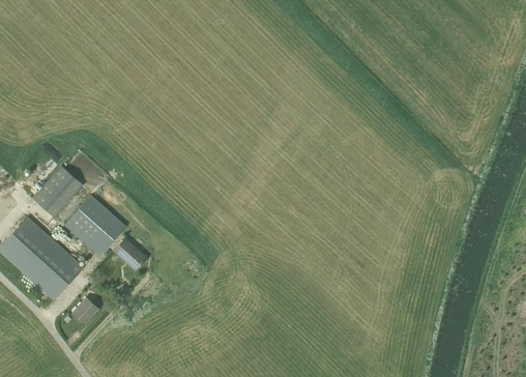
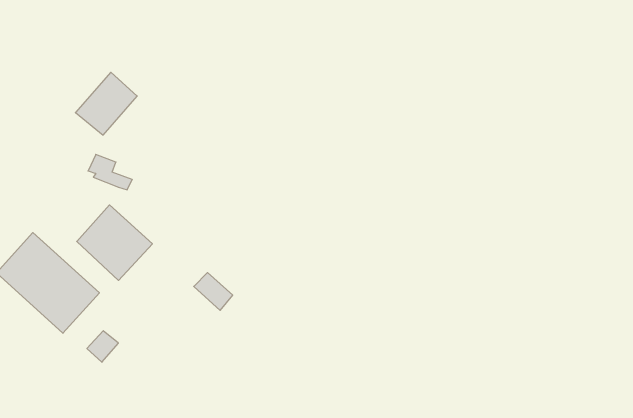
building: [32,165,83,216] -> [75,72,137,135]
building: [114,238,146,269] -> [194,273,233,310]

